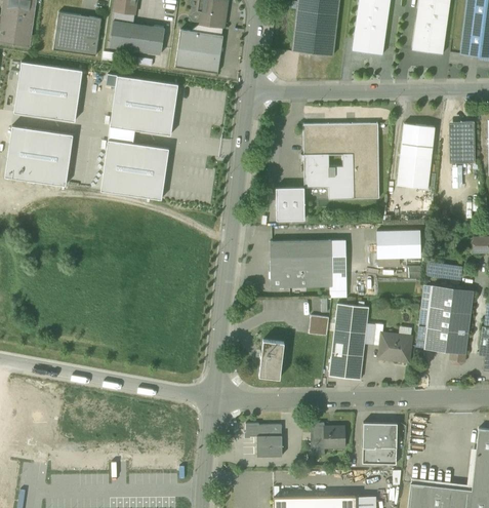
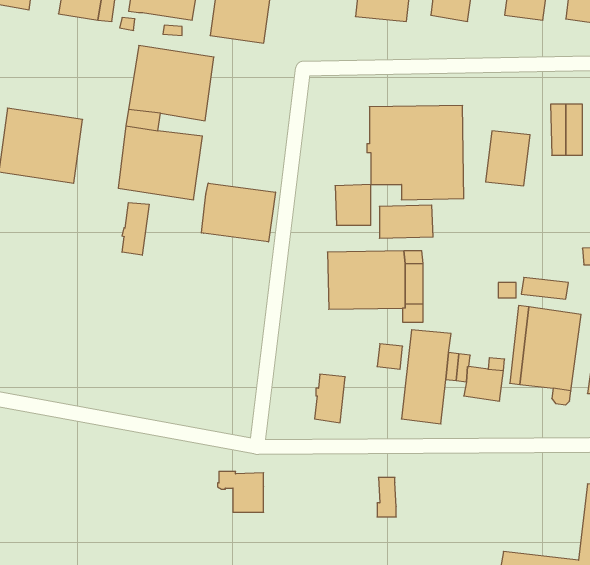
building: [14,62,83,121] -> none
building: [402,123,435,147] -> none
building: none -> [201,183,275,242]
building: none -> [122,203,149,255]
building: [377,230,420,257] -> [379,205,433,238]
building: [363,422,398,464] -> none
building: [245,423,282,456] -> [218,471,264,512]
building: [324,426,344,446] -> none

